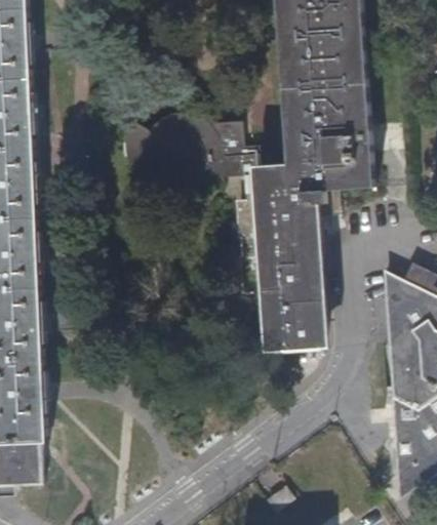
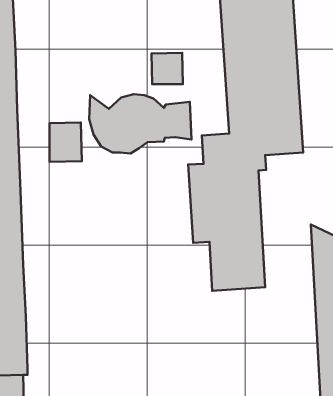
building: none -> [152,53,183,84]
building: none -> [49,123,82,162]

